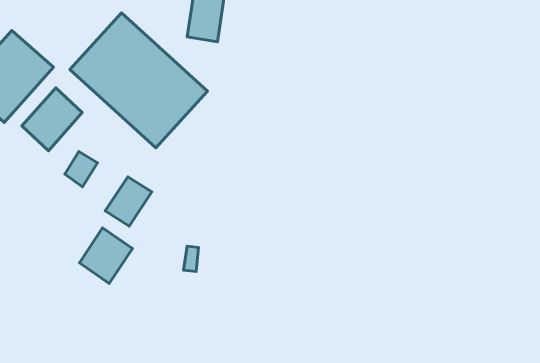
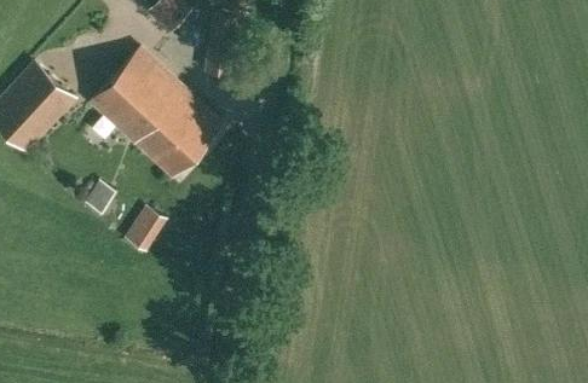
building: [22,88,82,151] -> none
building: [79,228,132,284] -> none

